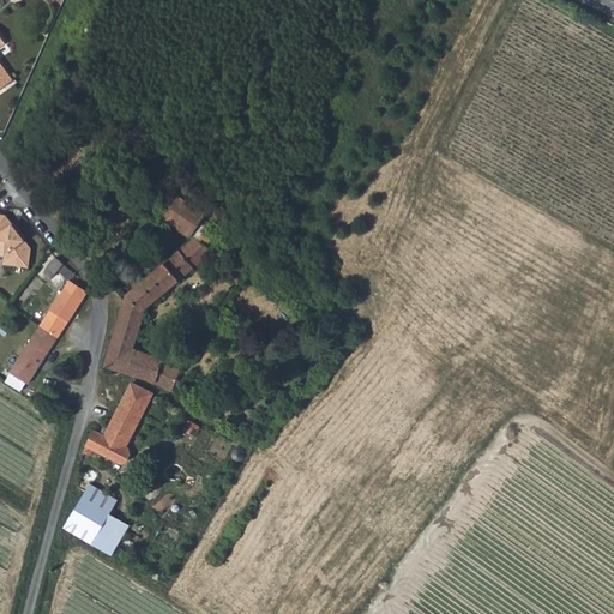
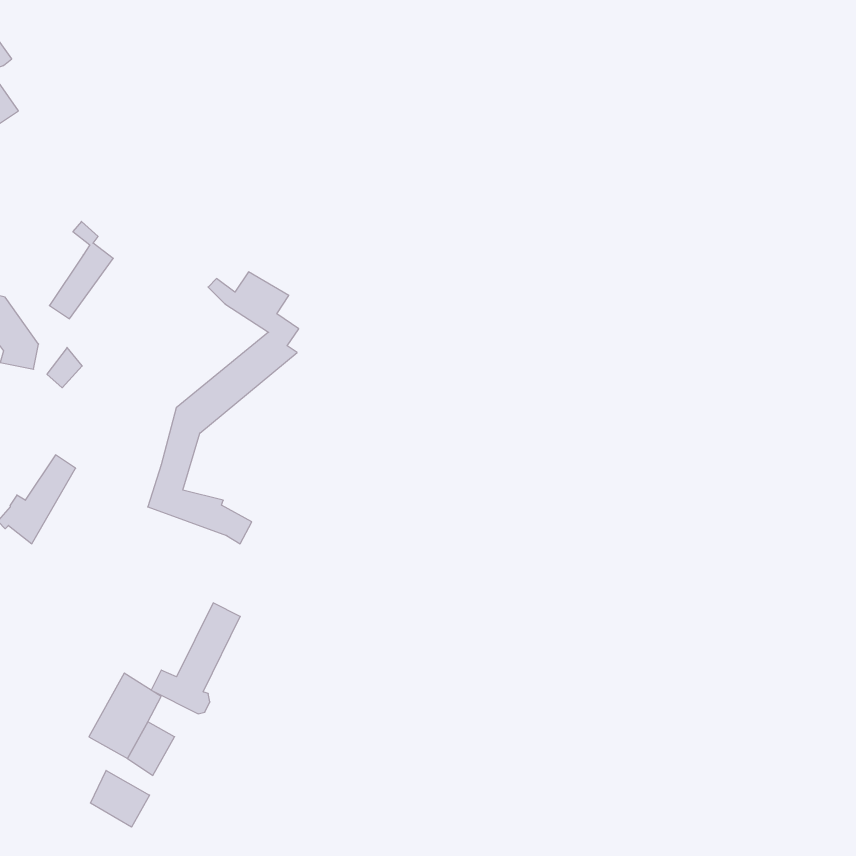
building: [40,266,85,336] -> [49,221,113,319]
building: [89,383,152,462] -> [151,603,240,714]
building: none -> [90,770,150,827]

